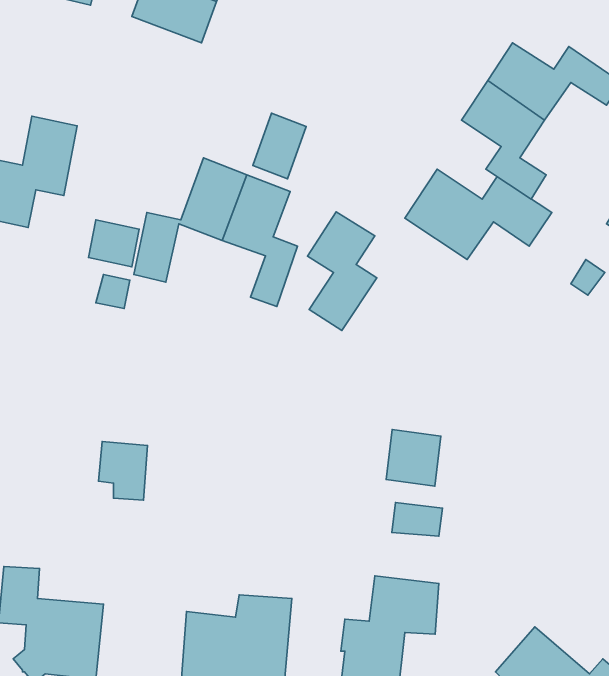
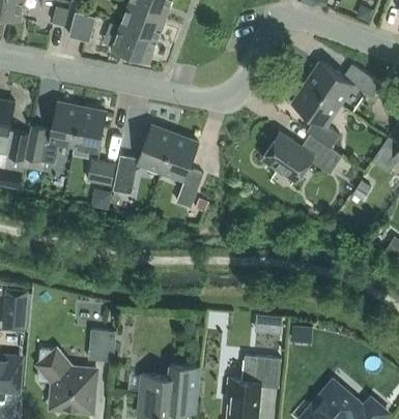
building: [253,113,306,179] -> none
building: none -> [74,108,106,150]
building: [307,212,377,330] -> none
building: [386,430,441,486] -> none
building: [98,442,147,500] -> [88,329,115,361]

